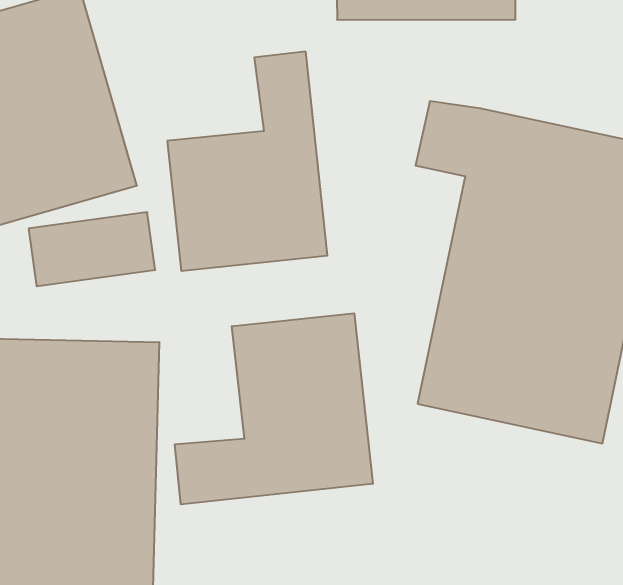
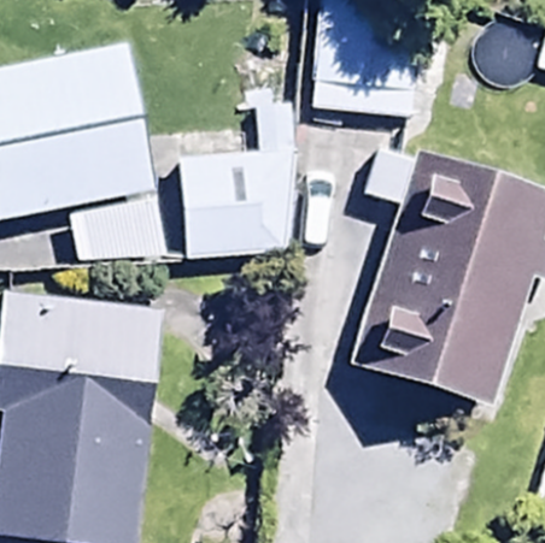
building: [175,313,373,504] -> none

